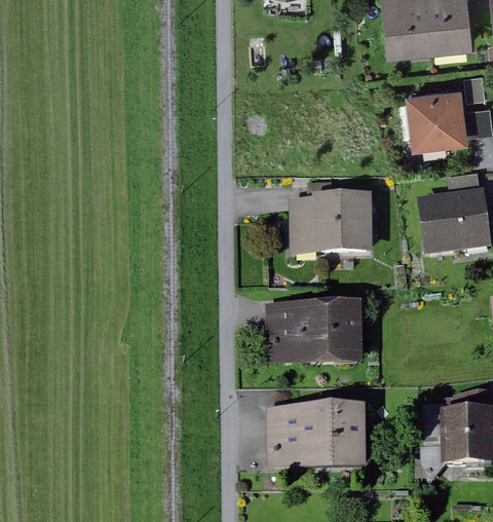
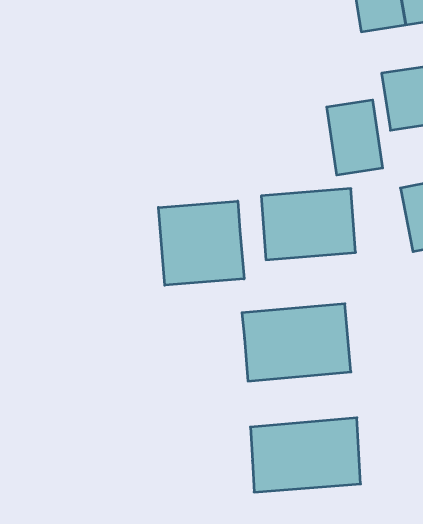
building: none -> [327,100,383,175]
building: none -> [158,201,244,285]

